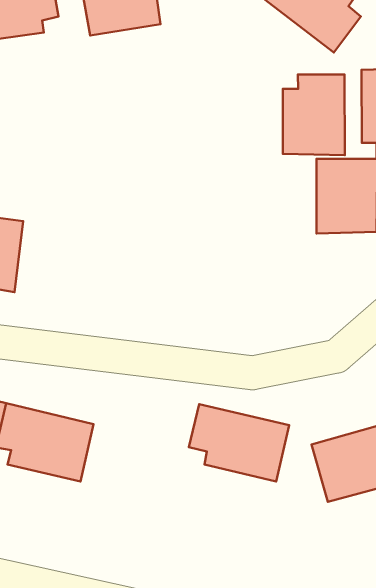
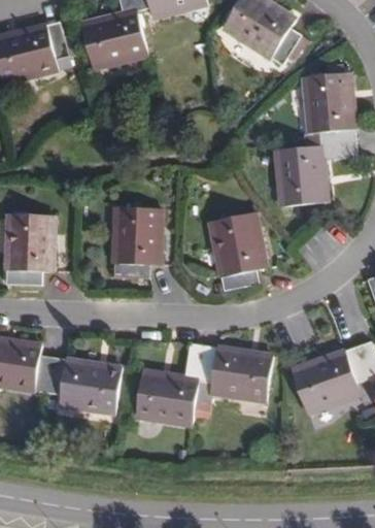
building: [283,75,345,155] -> none
building: none -> [112,207,160,278]
building: none -> [208,212,266,291]
building: none -> [134,345,201,426]

